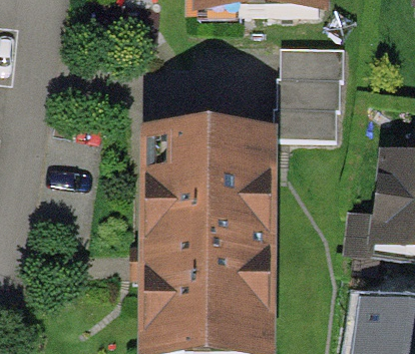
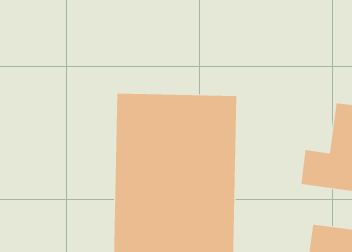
building: [277,38,347,126] -> none

